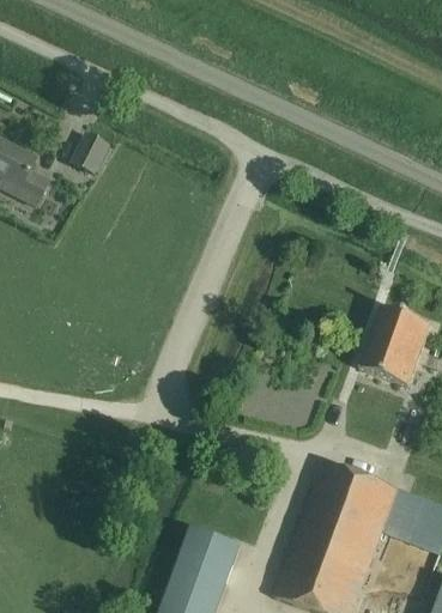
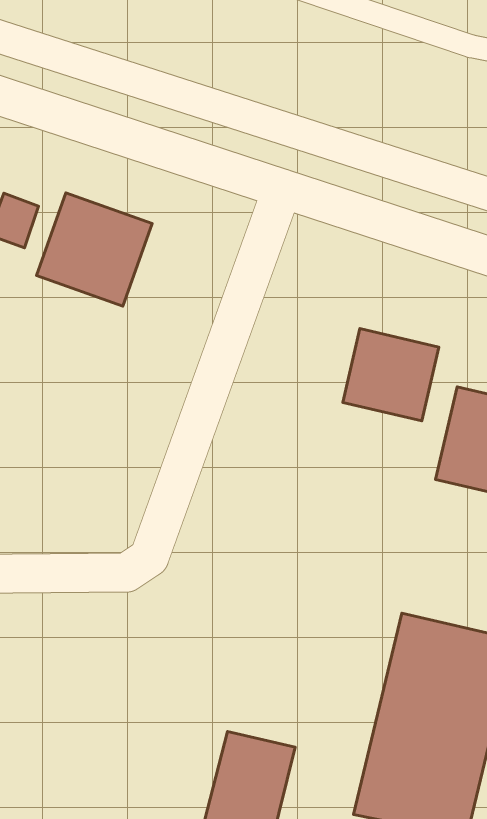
building: none -> [37,193,152,306]
building: none -> [343,329,439,421]

